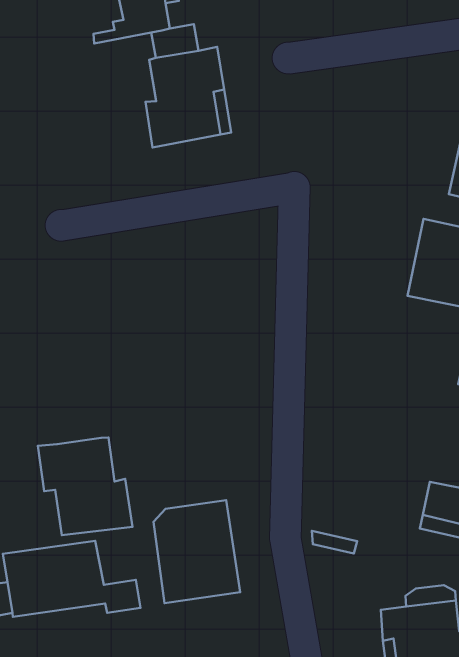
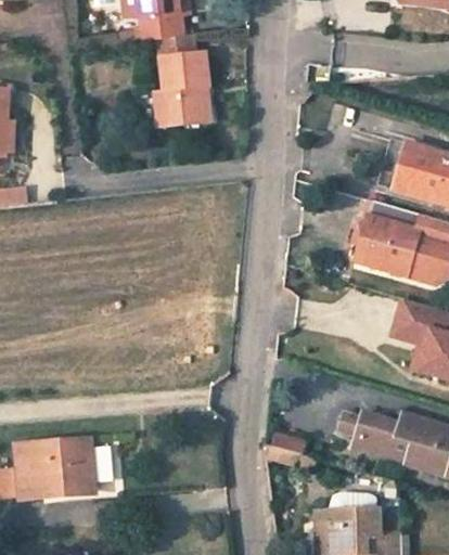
building: [38,438,132,535] -> none
building: [154,500,240,603] -> none

